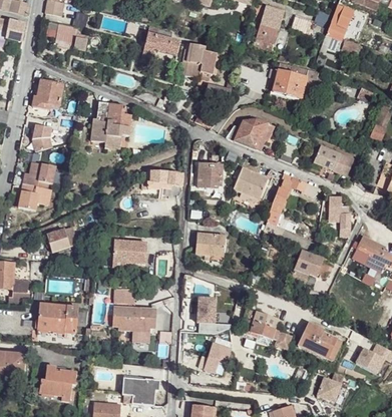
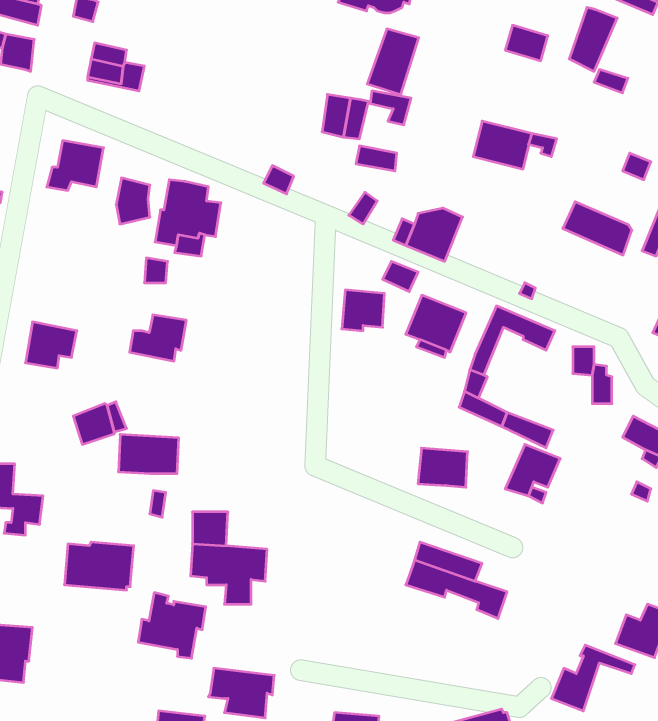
building: [255,5,284,42] -> [367,29,419,95]
building: [142,34,179,60] -> none
building: [33,123,52,149] -> [116,178,150,224]
building: [313,145,352,175] -> [563,202,632,255]
building: [24,161,56,187] -> [130,315,186,361]
building: [148,170,183,188] -> none
building: [195,234,224,256] -> [418,448,468,487]
building: [112,239,146,261] -> [118,434,179,474]
building: [201,303,222,334] -> none
building: [298,323,335,359] -> none
building: [204,338,231,373] -> none
building: [38,365,76,402] -> [138,593,206,658]

